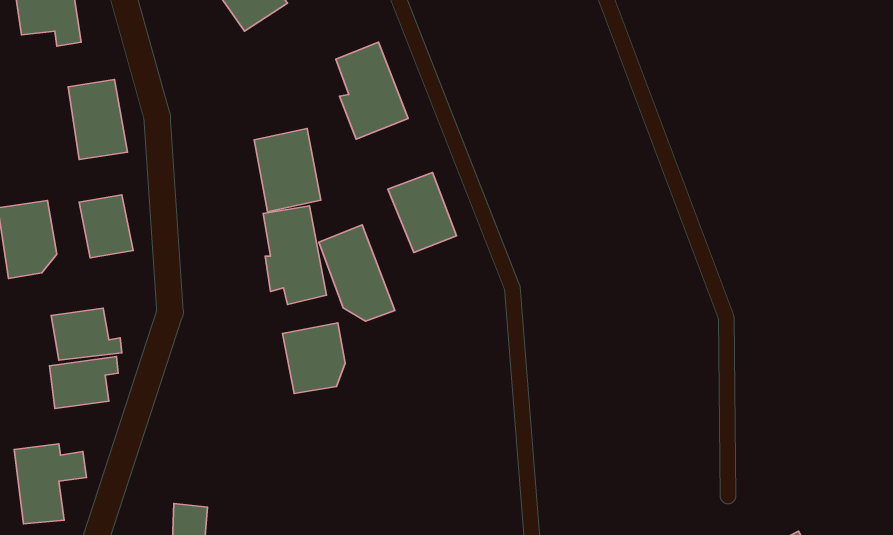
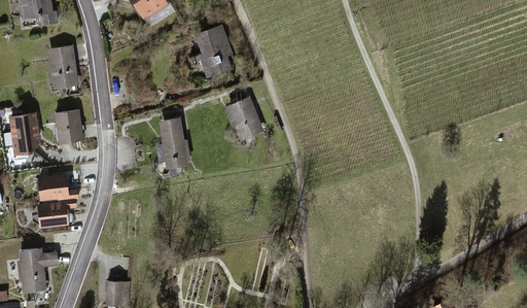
building: [254,129,321,212] -> none
building: [319,225,395,321] -> none
building: [282,323,345,393] -> none

